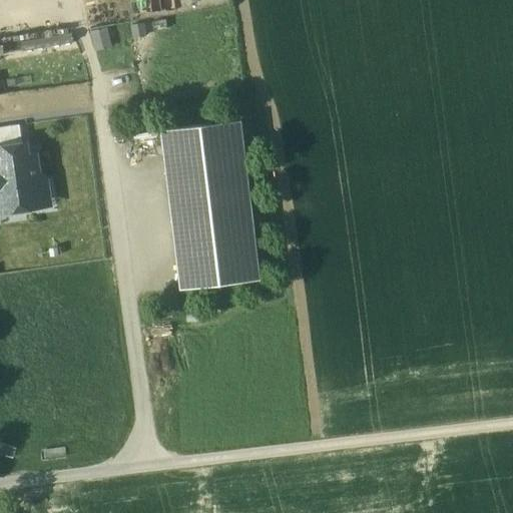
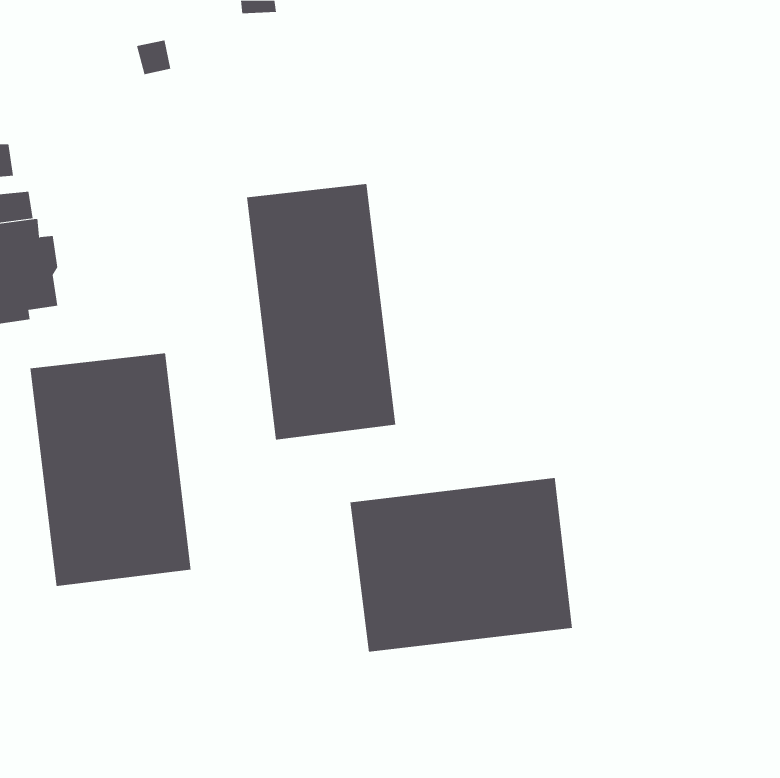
building: none -> [30,352,191,587]
building: none -> [350,477,573,652]

